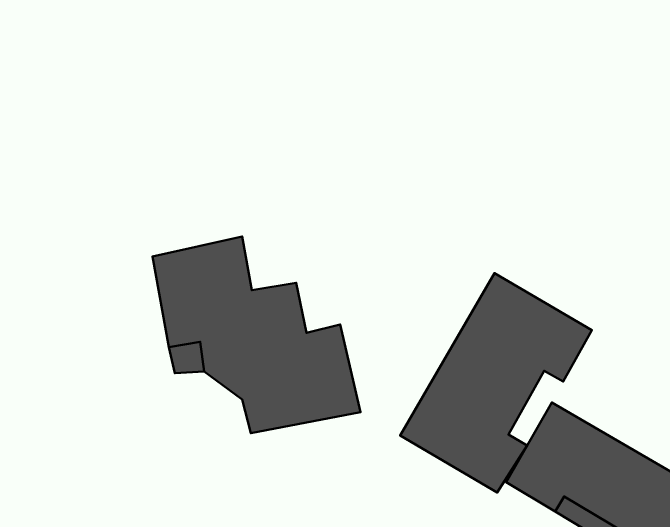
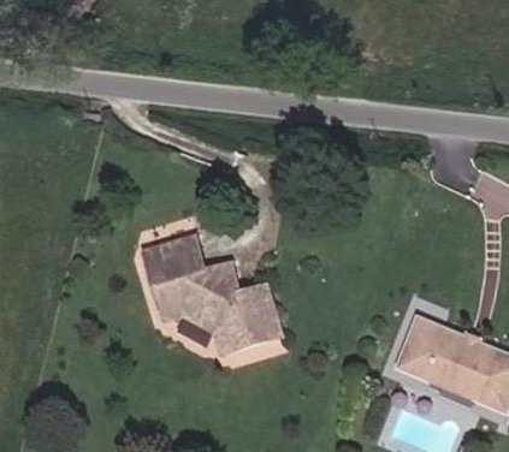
building: [400,273,592,493] -> none

